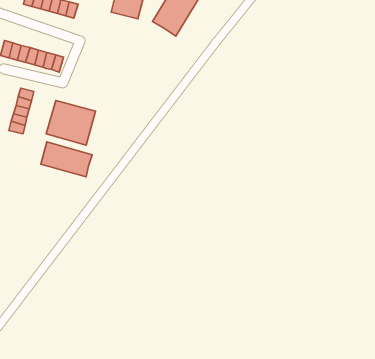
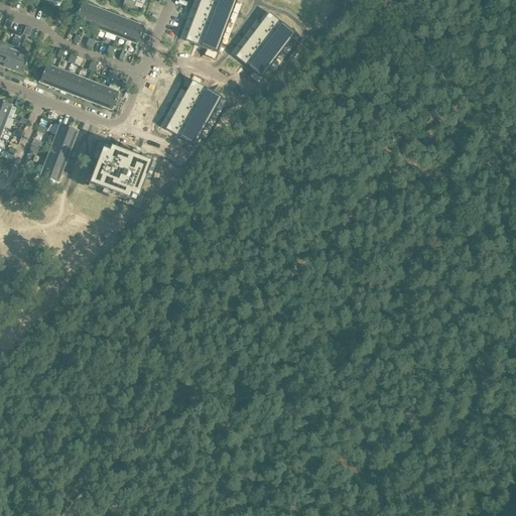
building: none -> [164,77,222,143]
building: [41,142,92,177] -> none

